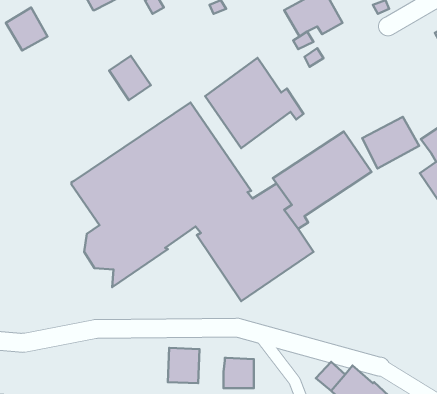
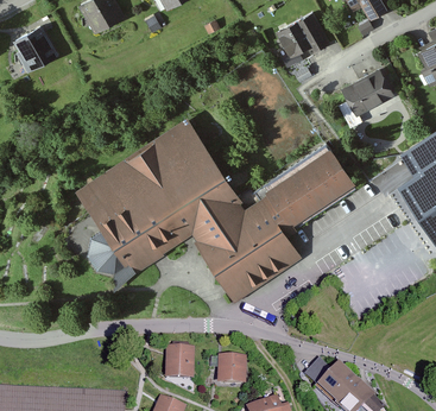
building: [109,56,151,100] -> none
building: [205,58,303,148] -> none
building: [362,117,419,169] -> [341,67,394,115]

